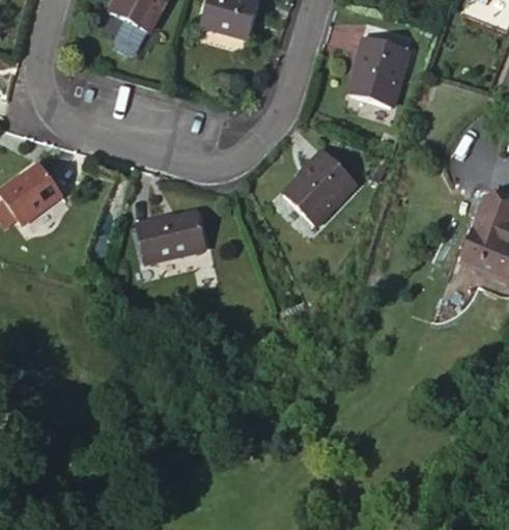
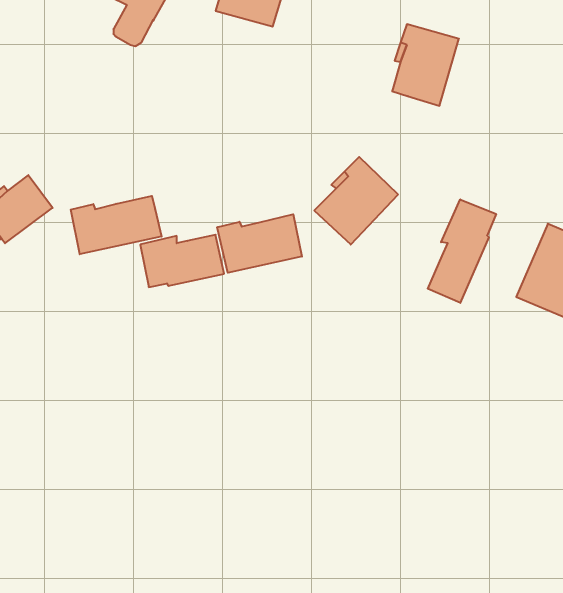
building: none -> [71,196,162,254]
building: none -> [428,199,496,303]
building: none -> [217,214,302,273]

